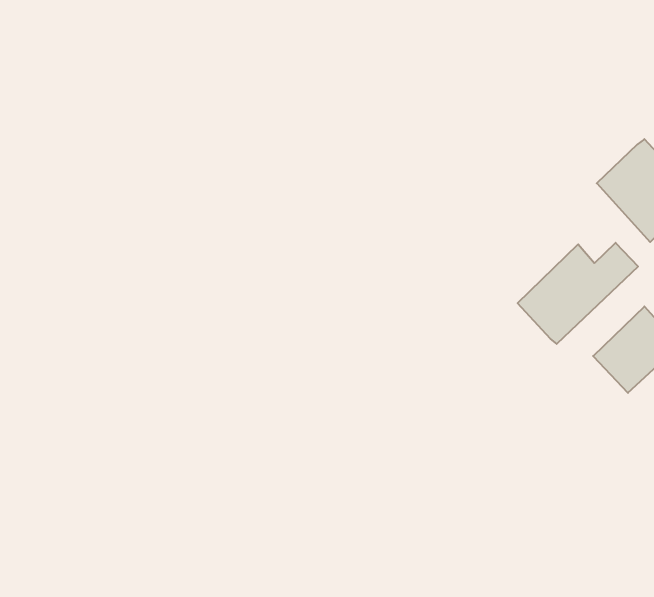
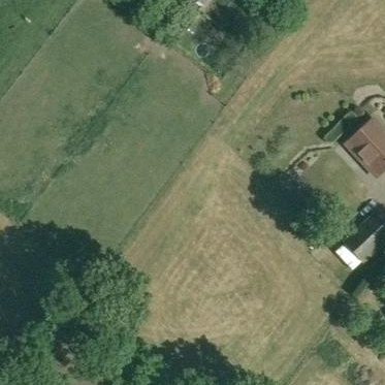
building: [518,243,638,344] -> none

